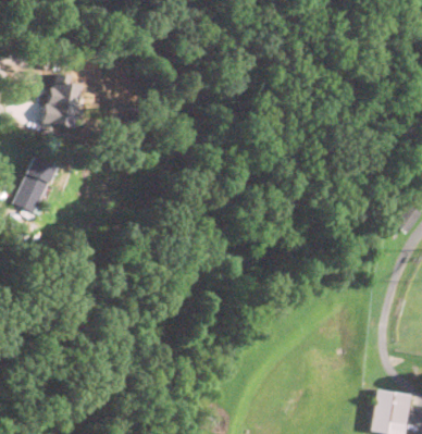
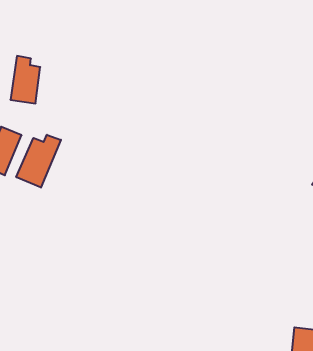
building: none -> [16,135,61,188]

